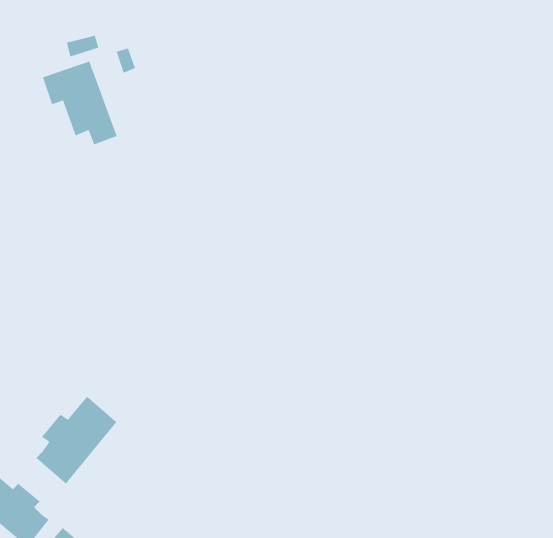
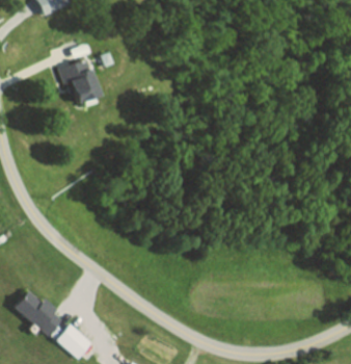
building: [36,396,117,484] -> none

